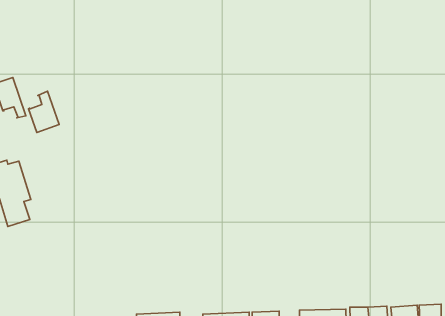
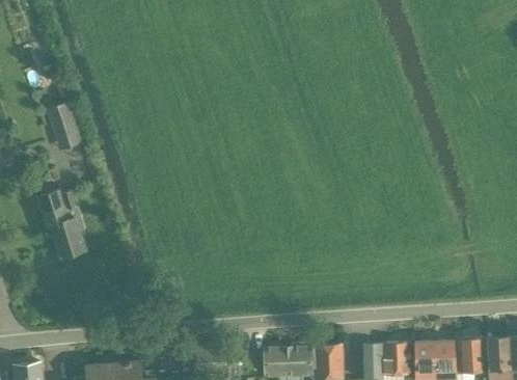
building: [29,91,59,132] -> none

